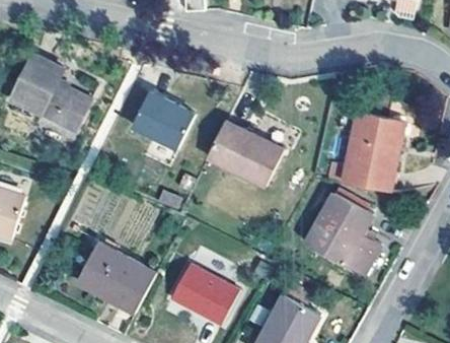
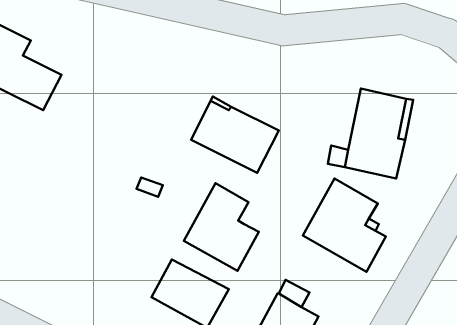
building: [131,90,194,147] -> none
building: none -> [184,183,259,271]
building: [77,241,155,312] -> none

